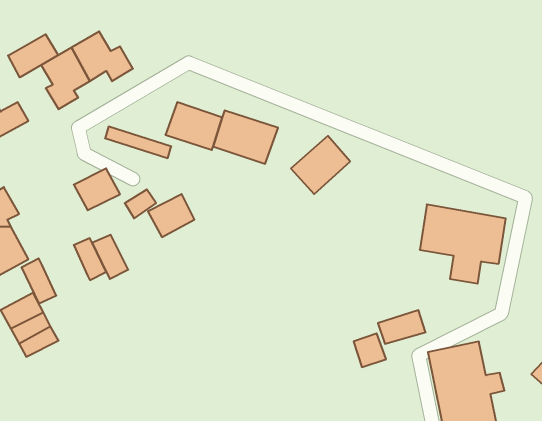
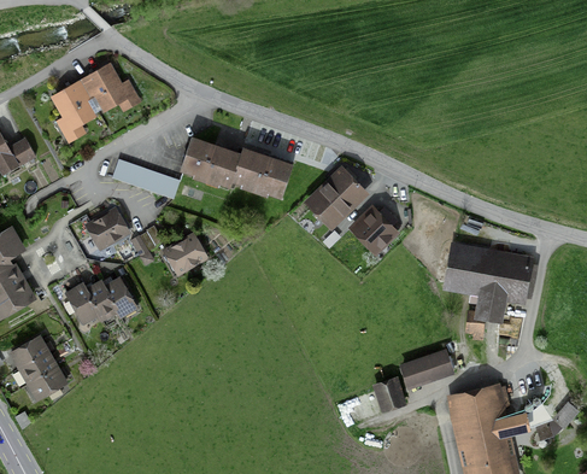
building: [8,34,58,77] -> none
building: none -> [348,201,404,257]
building: [21,258,56,304] -> [60,277,96,324]

